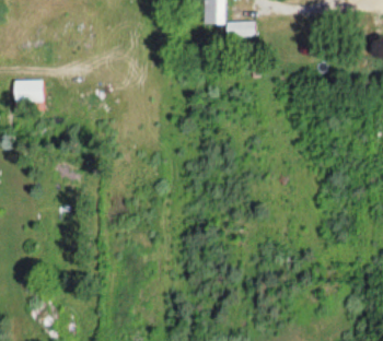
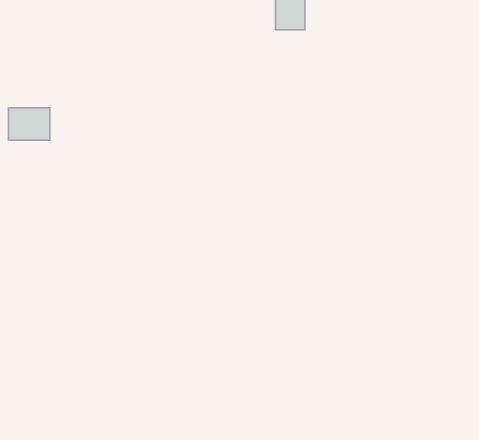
building: [228,23,255,38] -> none

